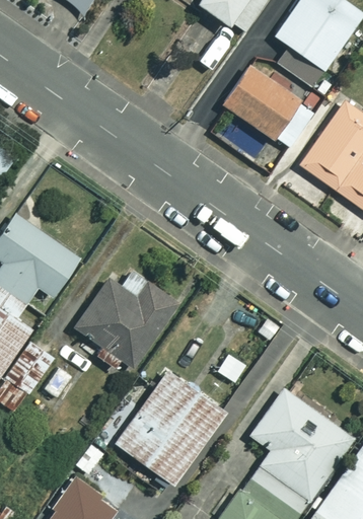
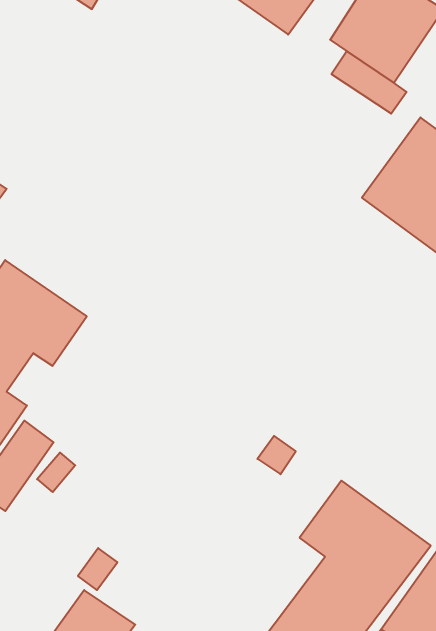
building: [224,64,314,149] -> none
building: [75,269,178,368] -> none
building: [116,370,227,486] -> none

